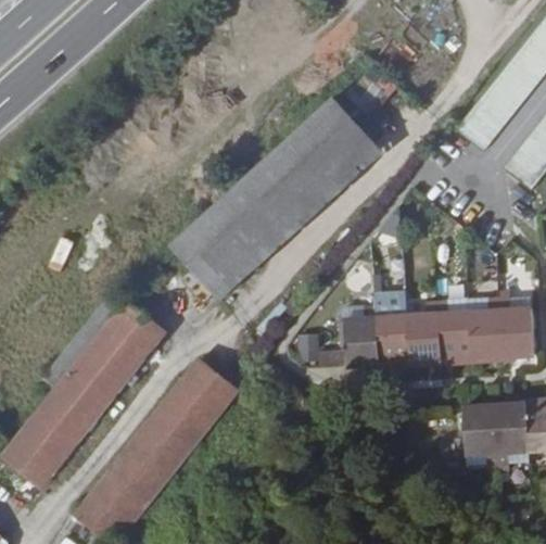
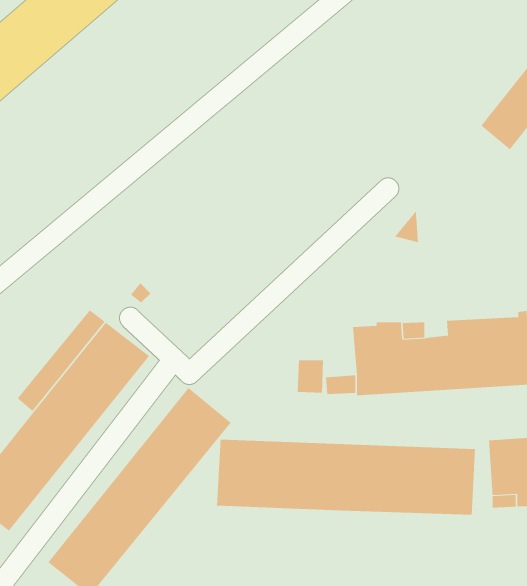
building: [174,98,383,299] -> none
building: none -> [217,439,476,516]

